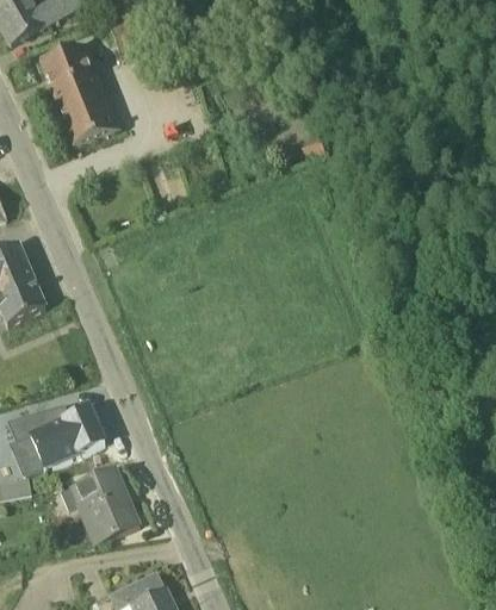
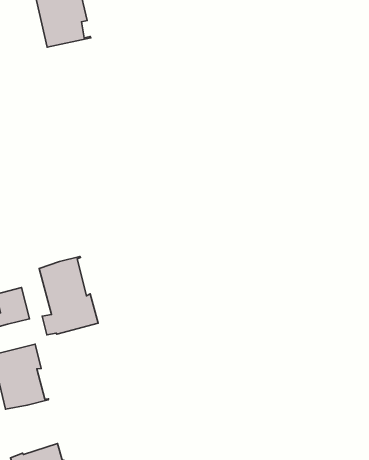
building: none -> [39,256,98,335]

